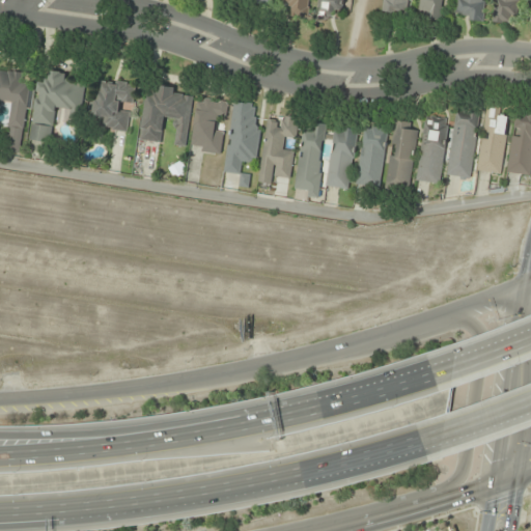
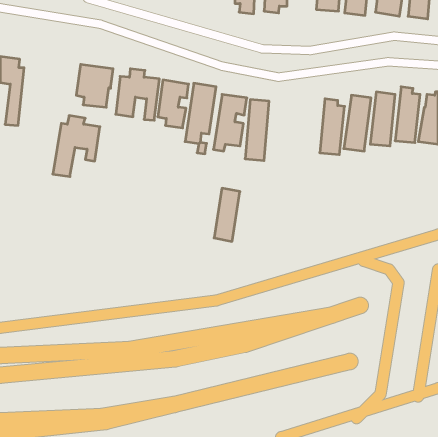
building: [29,68,86,142] -> [53,116,100,177]
building: [327,124,358,189] -> [214,188,240,241]
building: [357,124,387,186] -> none

